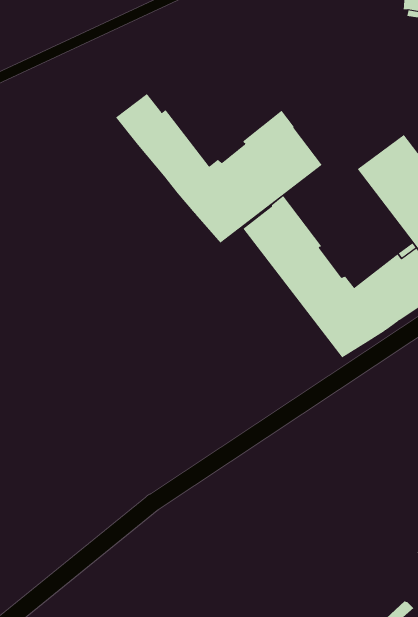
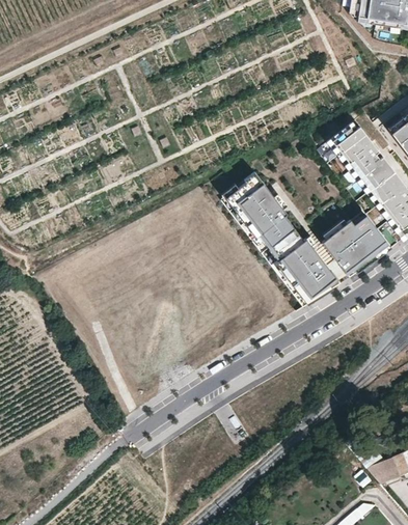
building: [115,93,323,244] -> none

